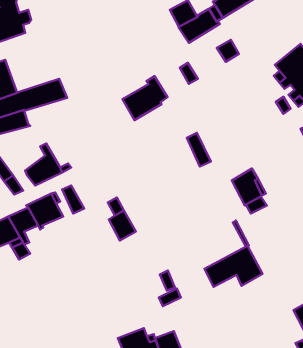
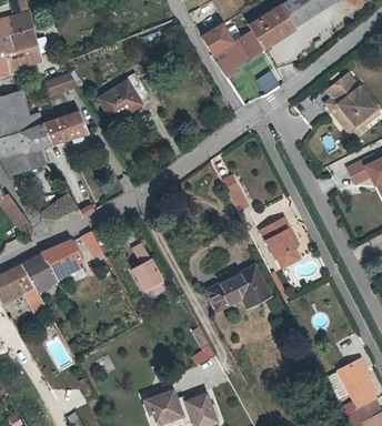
building: none -> [41,70,77,95]
building: [122,76,167,120] -> [97,73,147,122]
building: [204,246,262,287] -> [207,264,271,310]

